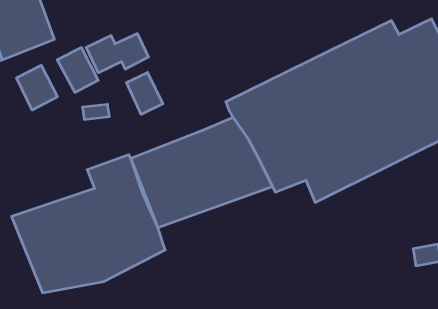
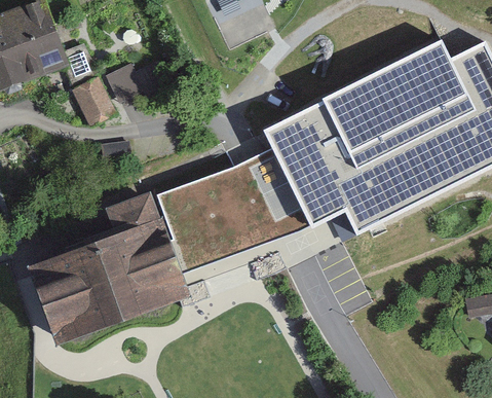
building: [17,65,57,110] -> none
building: [127,72,163,114] -> none

